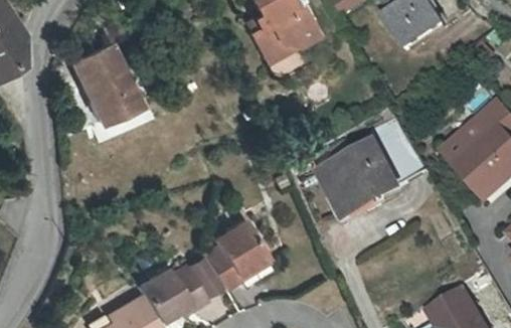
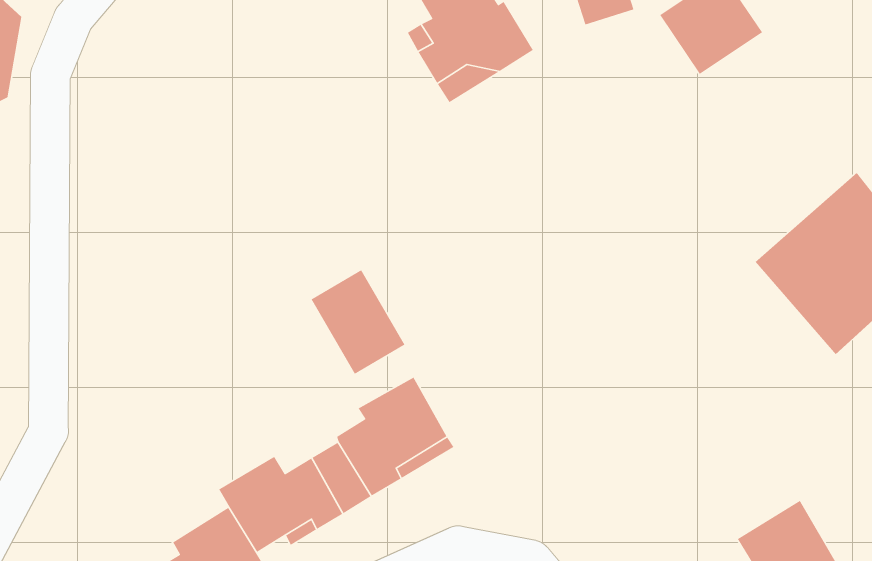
building: [79,45,138,124] -> none
building: [326,121,431,219] -> none
building: none -> [310,269,406,375]

